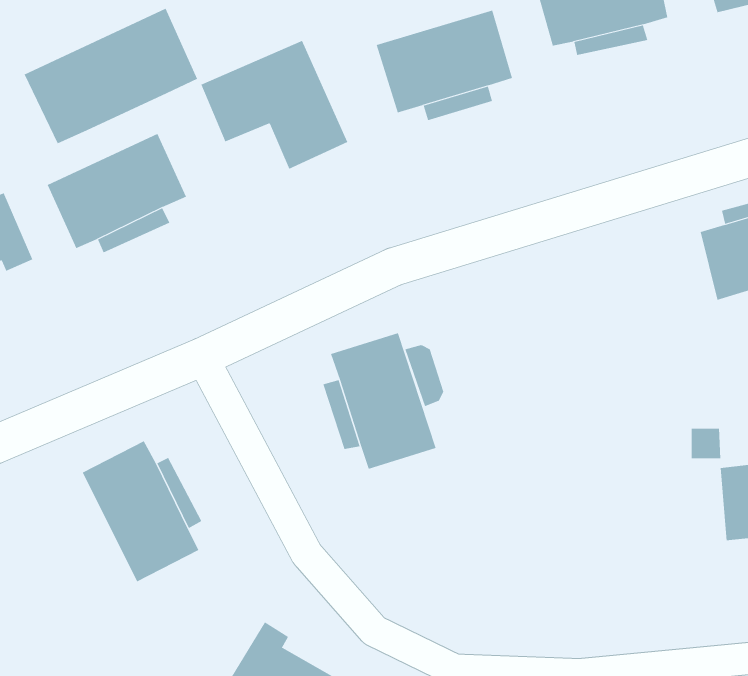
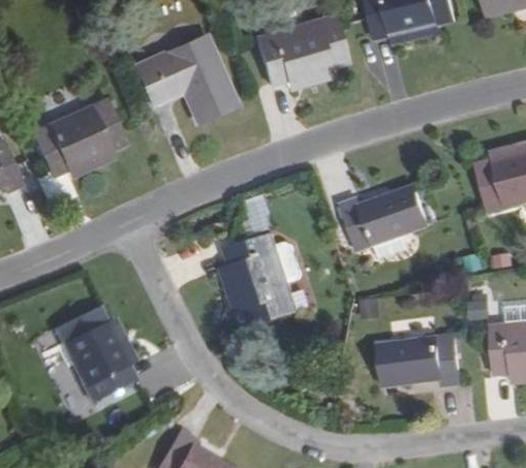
building: [24,8,198,144] -> none
building: none -> [341,186,430,250]
building: none -> [378,335,461,386]

